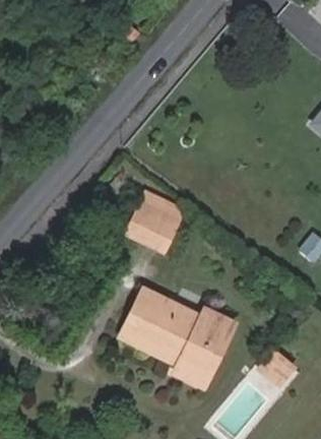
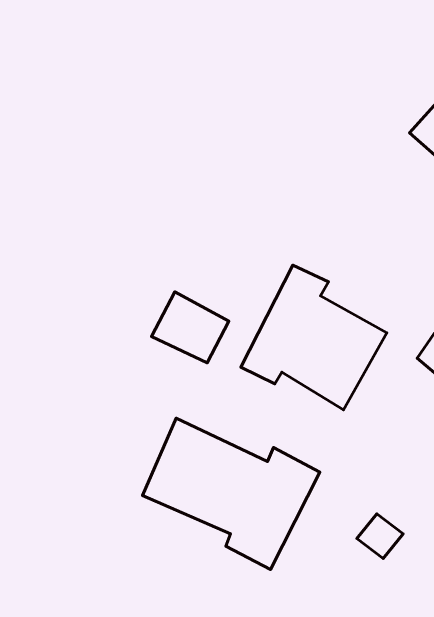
building: none -> [241,265,387,410]

